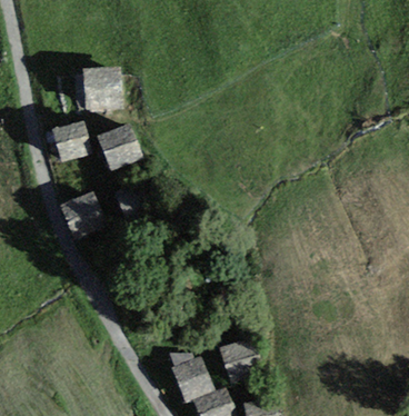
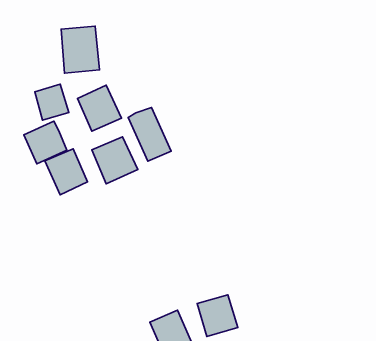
building: none -> [128,107,171,161]
building: none -> [24,121,67,164]

